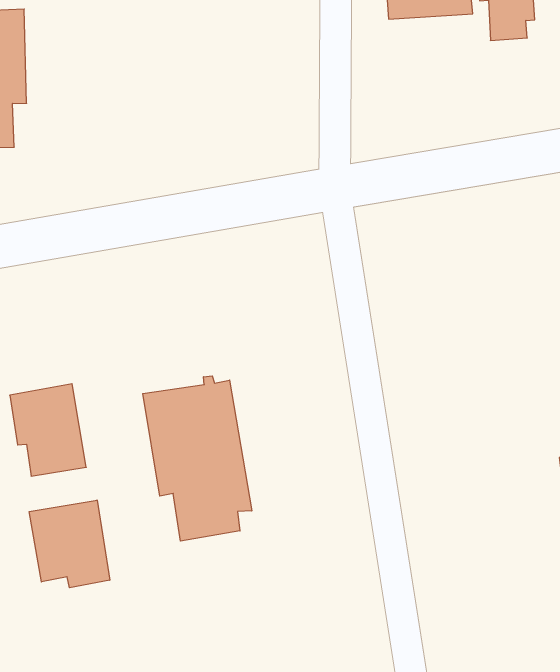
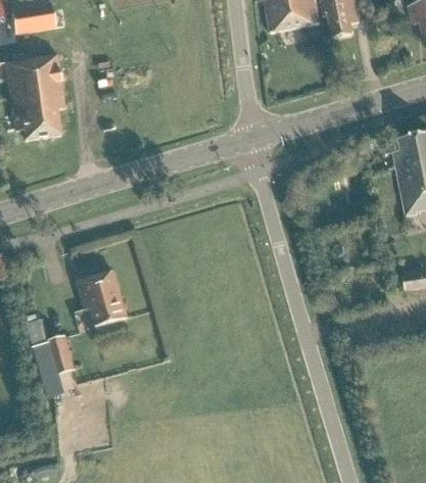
building: [143,376,252,541] -> none
building: [29,500,110,588] -> none

